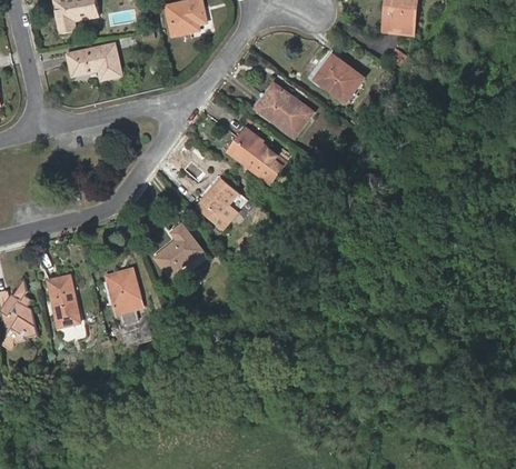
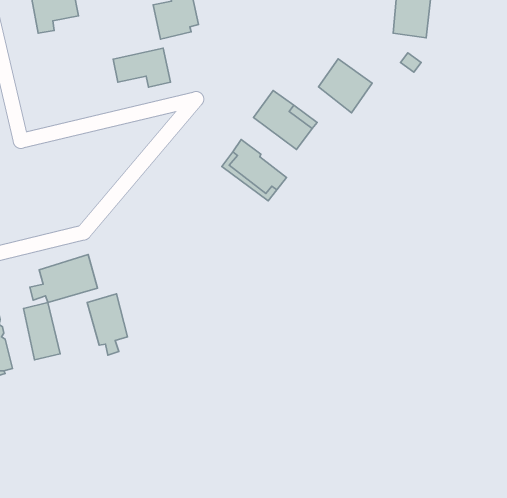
building: [68,44,120,80] -> [113,48,171,87]
building: [197,177,239,230] -> none
building: [155,223,202,277] -> none
building: none -> [30,255,98,302]

